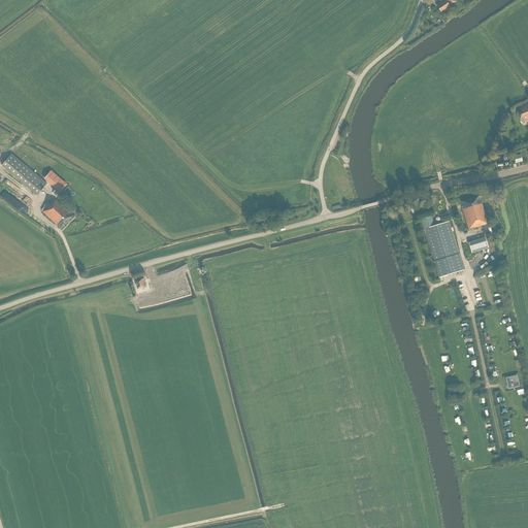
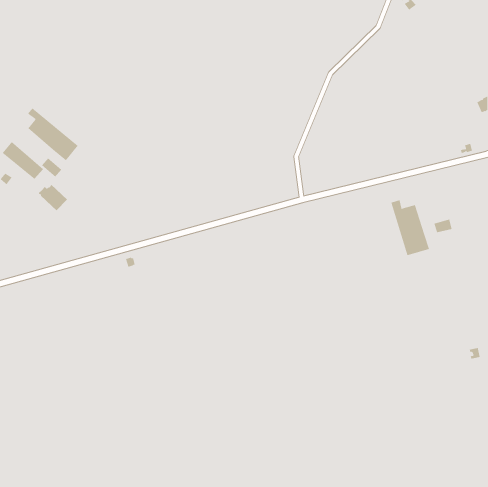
building: none -> [27,107,78,161]
building: [460,195,488,228] -> none

